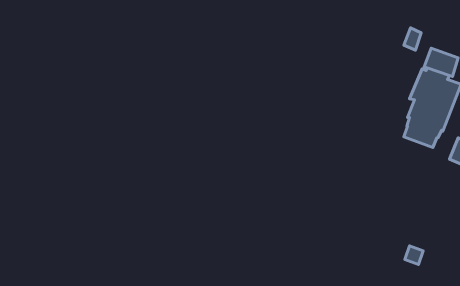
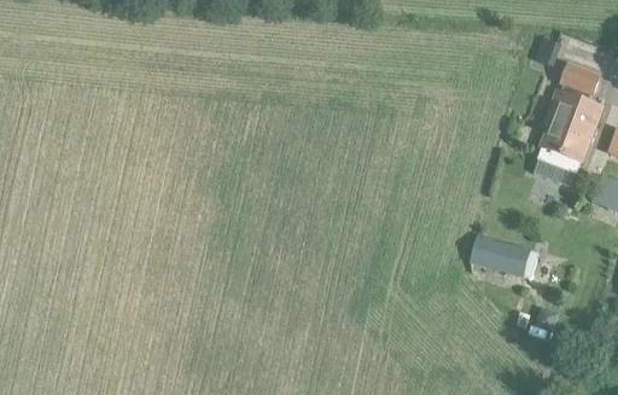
building: none -> [468,233,532,277]

